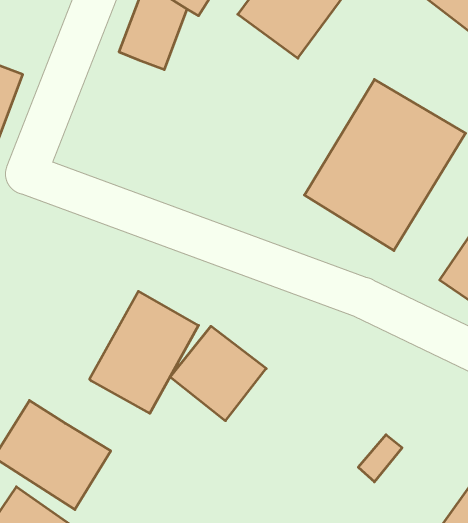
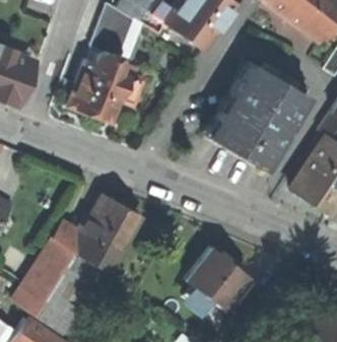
building: none -> [69,51,141,122]
building: [170,326,266,421] -> [186,248,246,306]
building: none -> [36,236,74,277]

